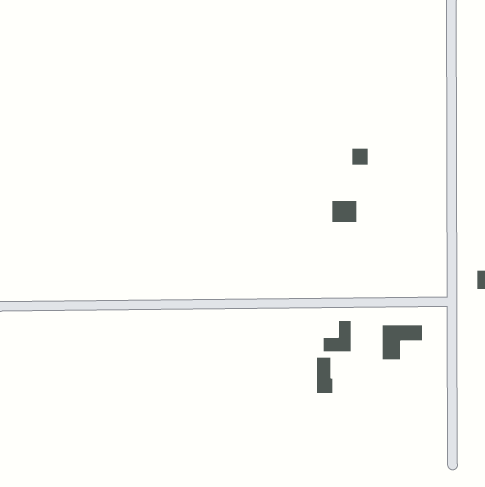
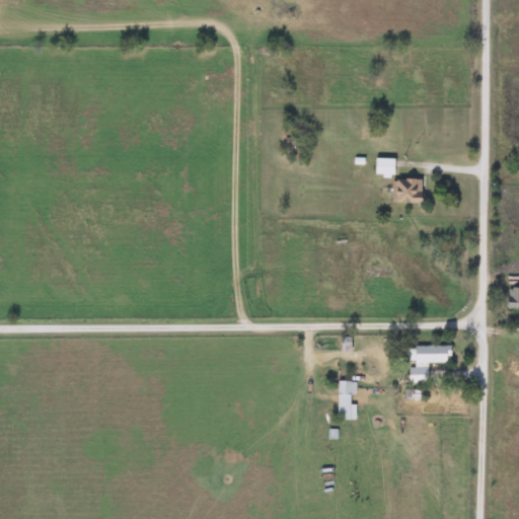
building: [331,201,357,223] -> [394,178,422,202]
building: [323,320,351,352] -> none

